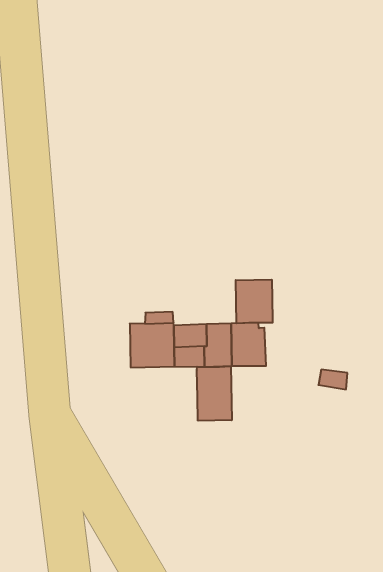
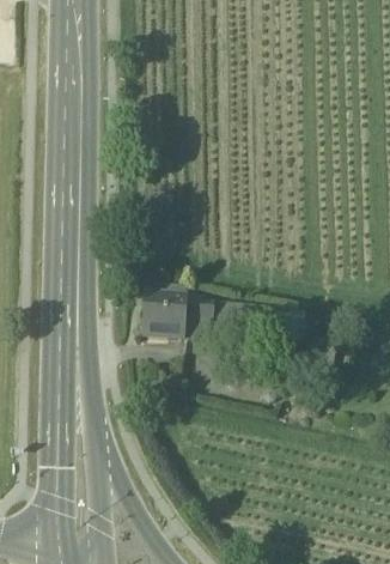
building: [236,280,273,323] -> none
building: [197,366,232,421] -> none

